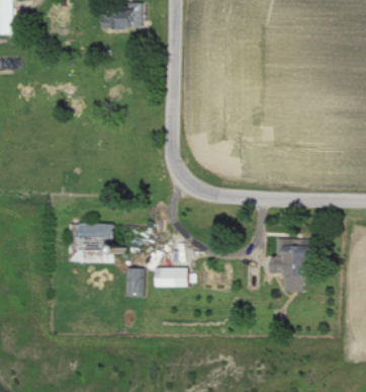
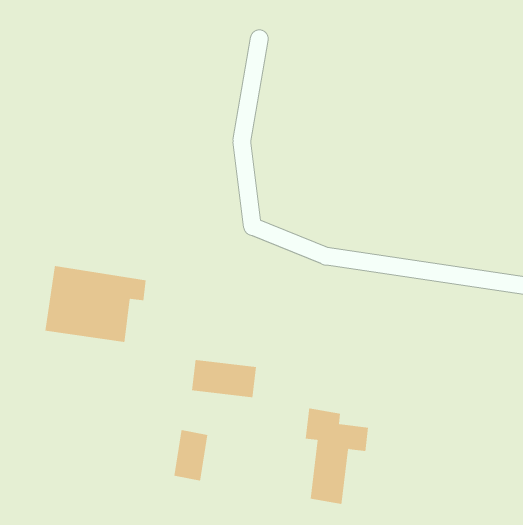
building: [277,238,313,292] -> [305,408,369,505]
building: [125,267,143,296] -> [173,430,208,481]

